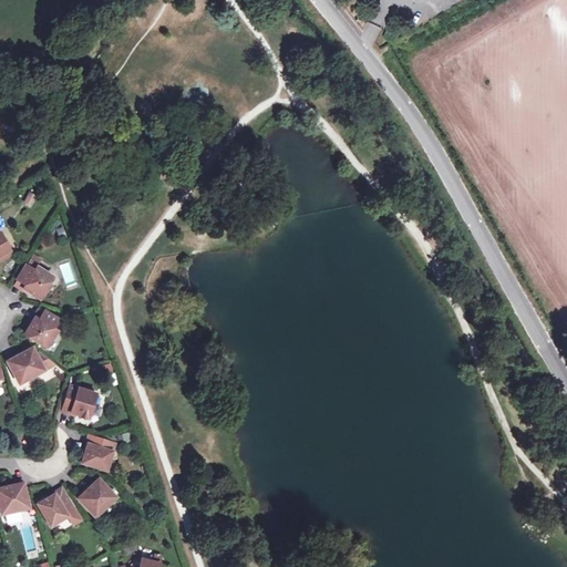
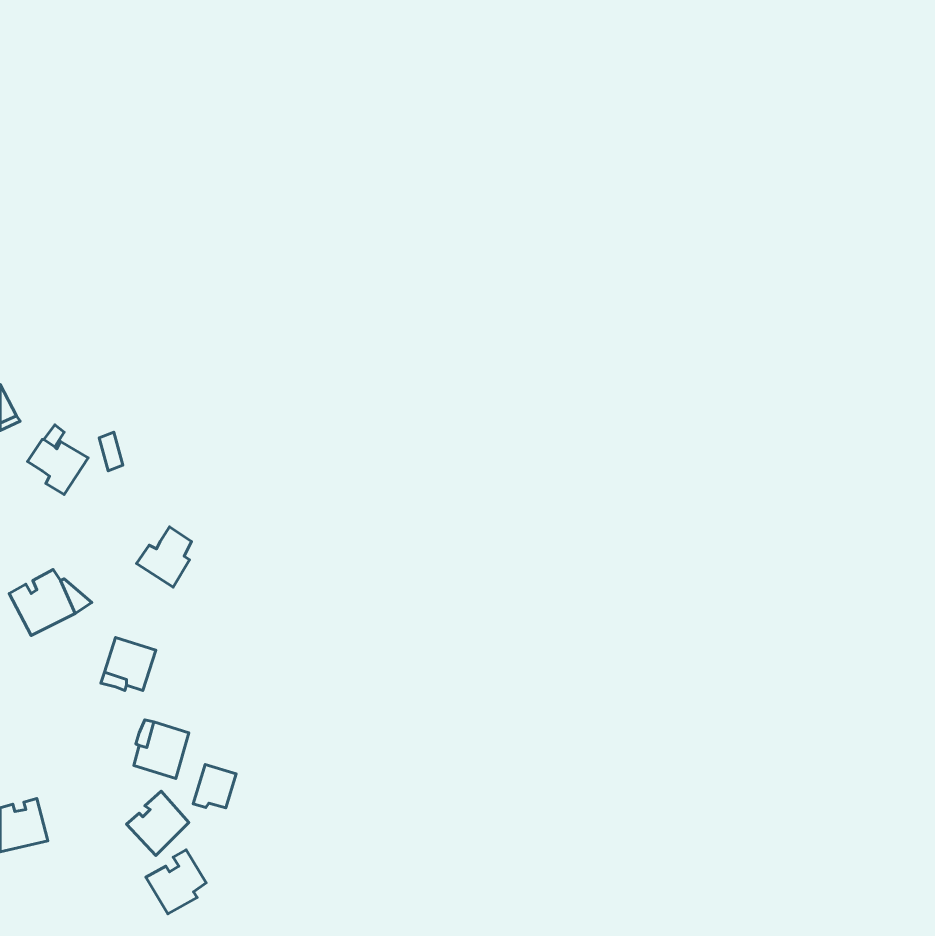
building: [25,311,59,348] -> [136,527,191,587]
building: none -> [193,764,236,808]
building: [38,487,74,526] -> [146,850,206,914]

